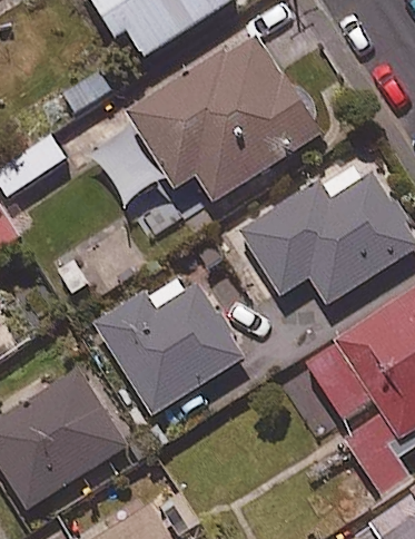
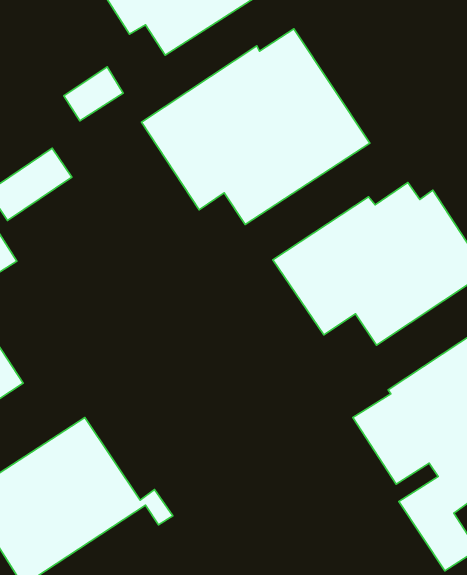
building: [92,280,245,416] -> none

